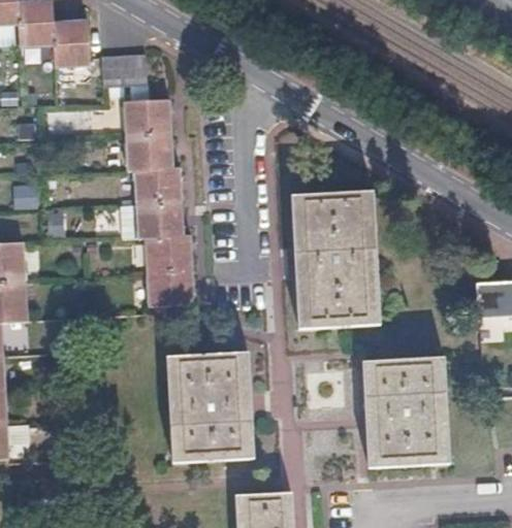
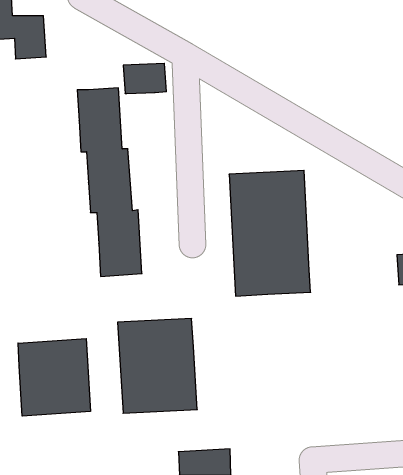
building: [99,54,147,87] -> [123,63,166,93]
building: [359,359,447,468] -> none
building: none -> [18,339,90,416]

